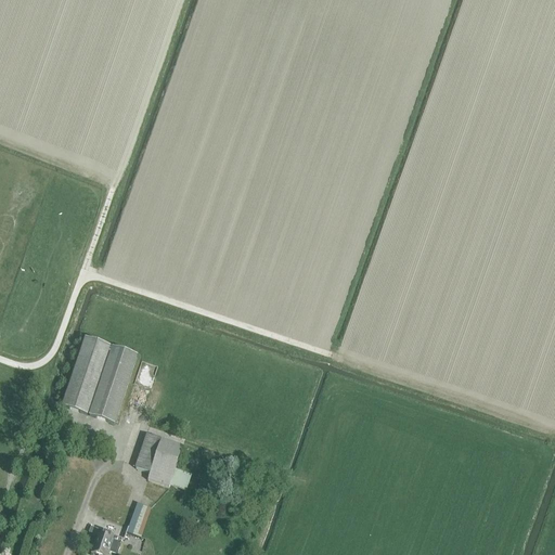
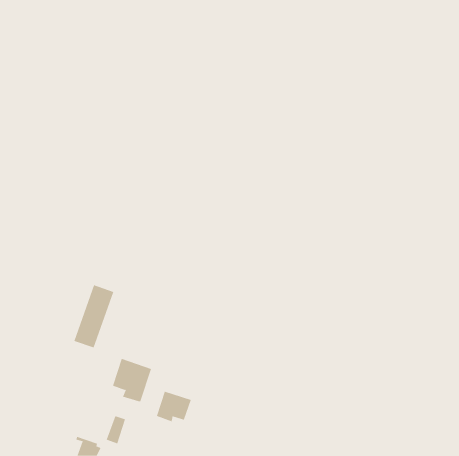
building: [62,335,111,412] -> none
building: none -> [156,391,192,422]

